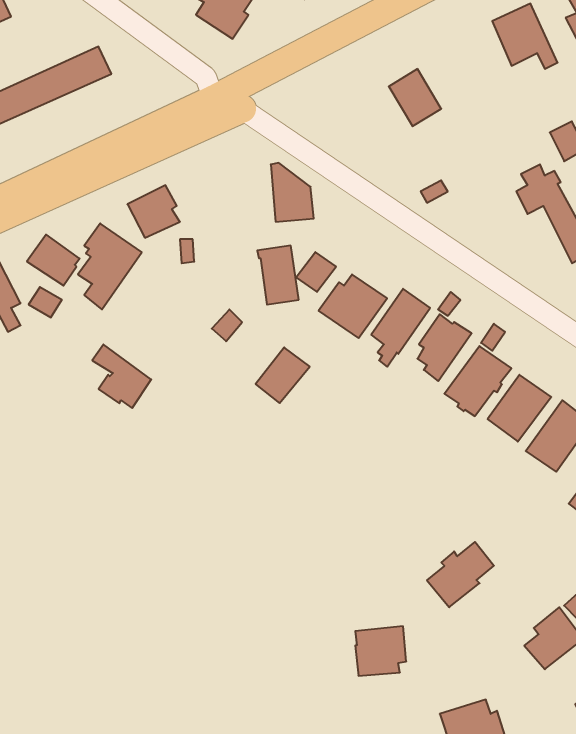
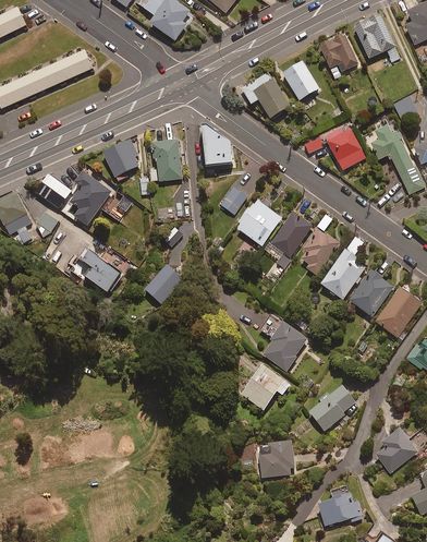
building: none -> [318,35,357,76]
building: none -> [242,72,291,119]
building: none -> [324,128,365,170]
building: [257,246,299,305] -> [155,141,183,181]
building: [256,347,310,403] -> [146,265,183,303]
building: none -> [261,323,307,371]
building: none -> [241,364,290,411]

